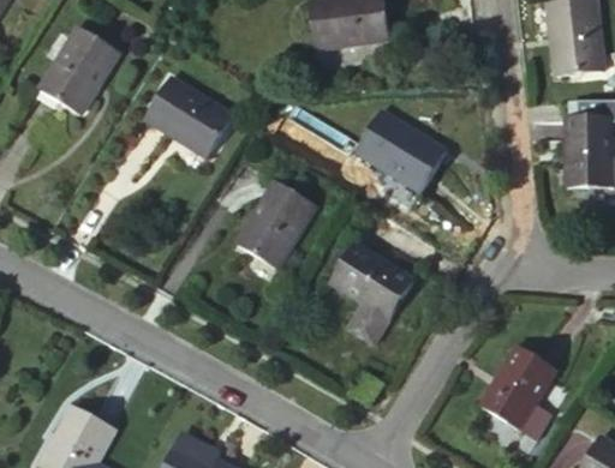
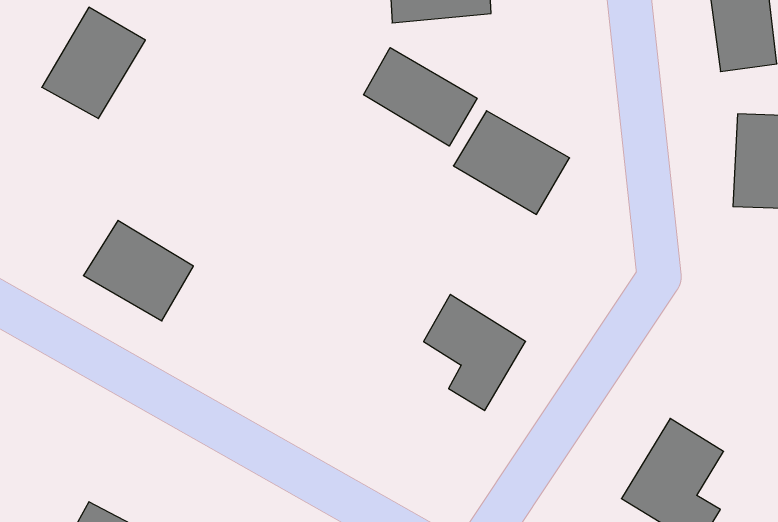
building: none -> [364,48,477,146]
building: [145,84,229,161] -> [83,220,193,321]
building: [235,186,314,272] -> none

